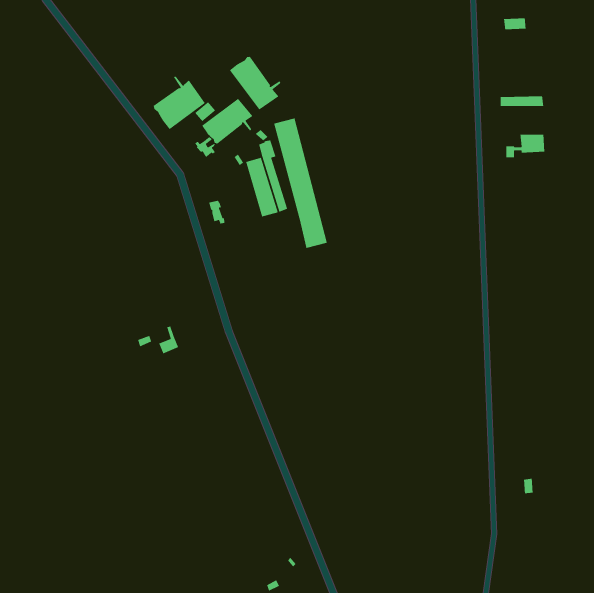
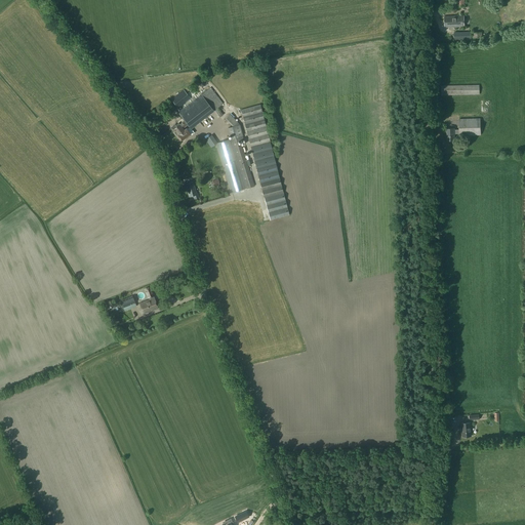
building: [229,55,282,111] -> none
building: [152,75,206,130] -> none

